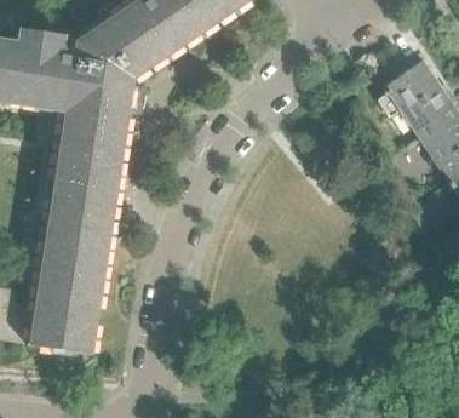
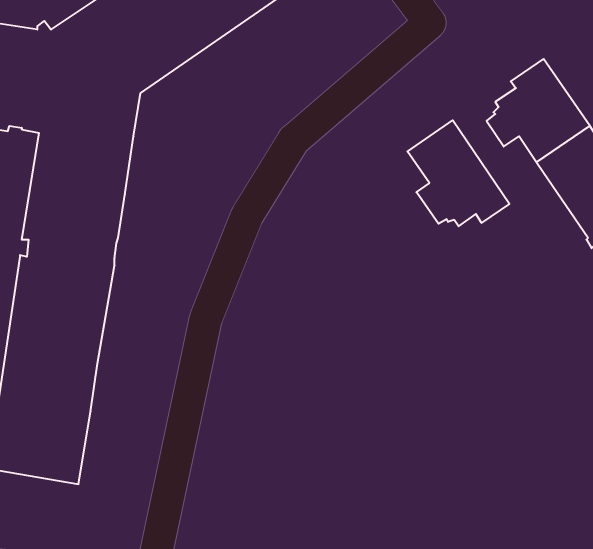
building: none -> [407,120,509,226]

